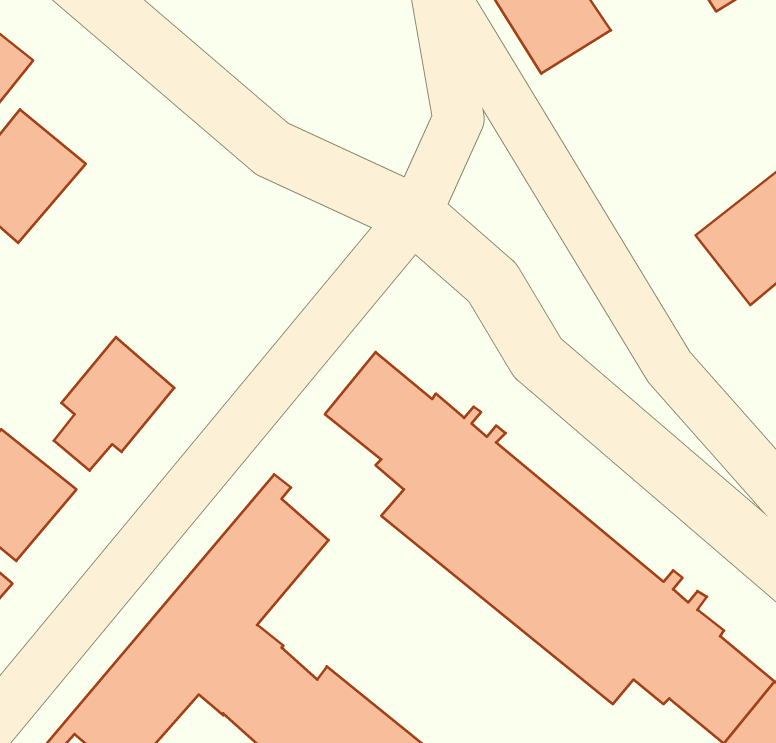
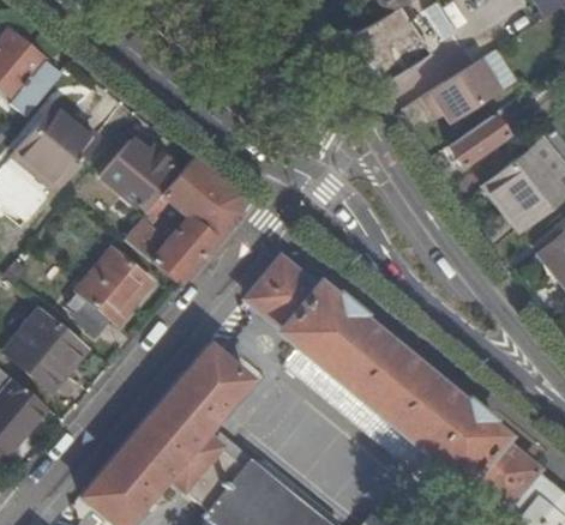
building: none -> [420,61,498,125]
building: none -> [450,113,510,165]
building: none -> [104,137,175,205]
building: none -> [127,156,242,284]

